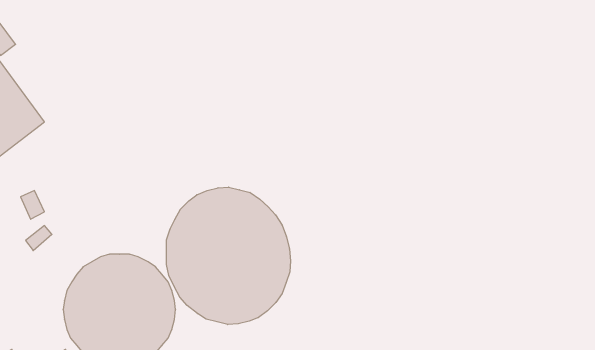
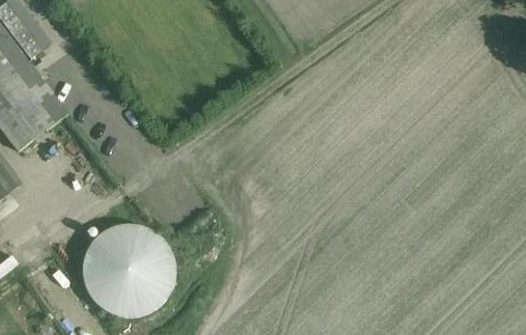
building: [166,187,291,325] -> none

